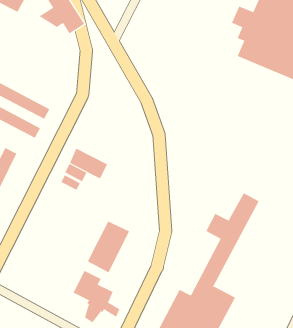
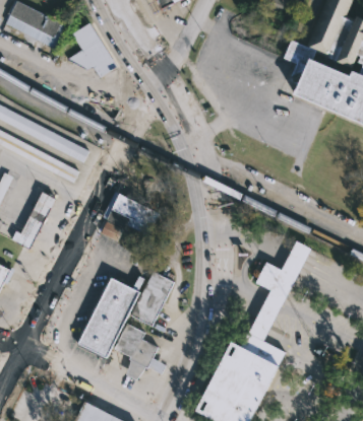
building: none -> [76,278,140,361]

